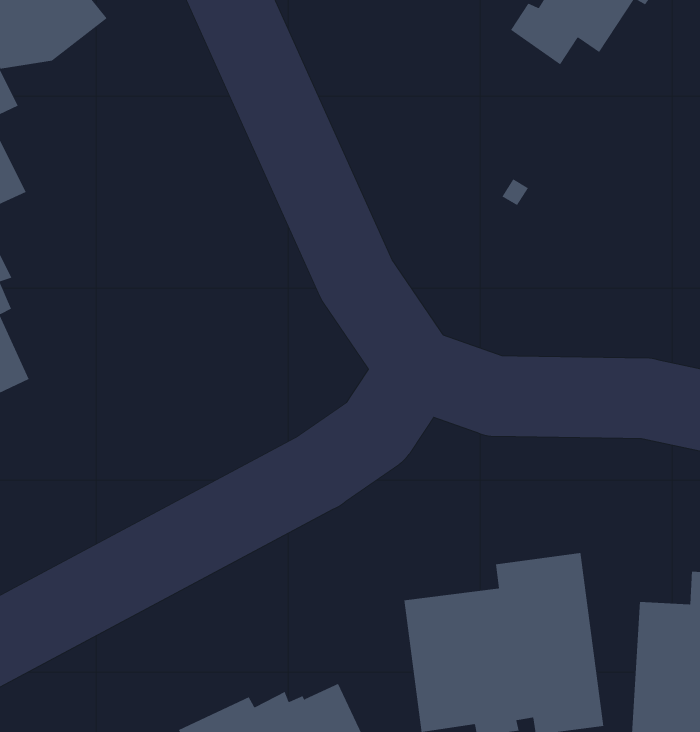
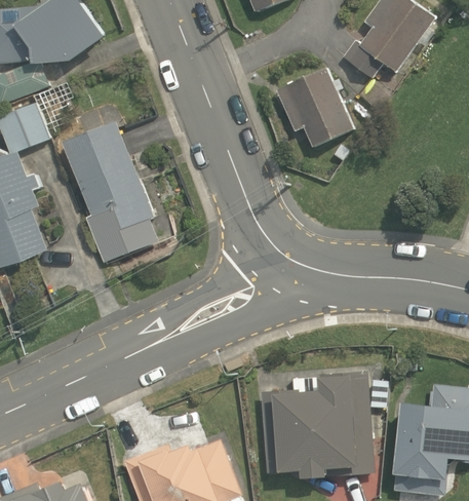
building: none -> [276,68,354,148]
building: none -> [62,122,157,263]

